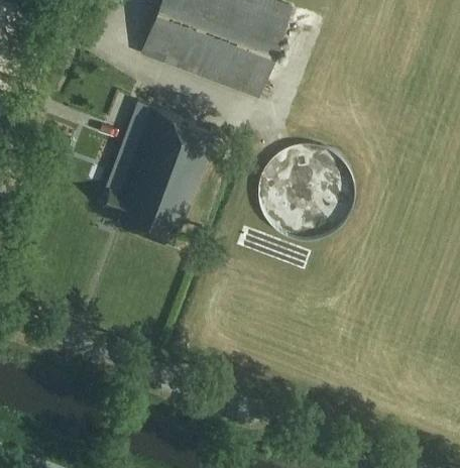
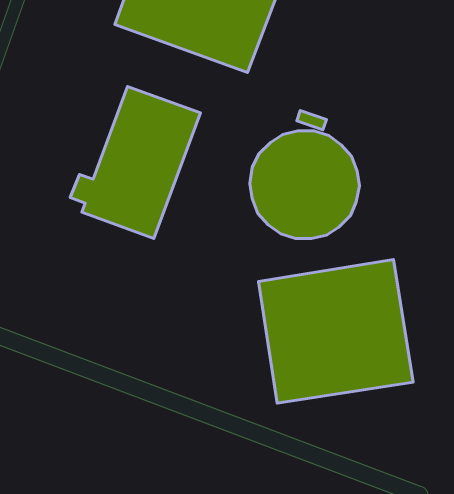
building: none -> [259,260,413,403]

